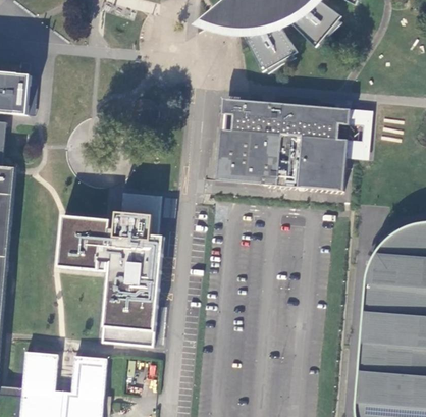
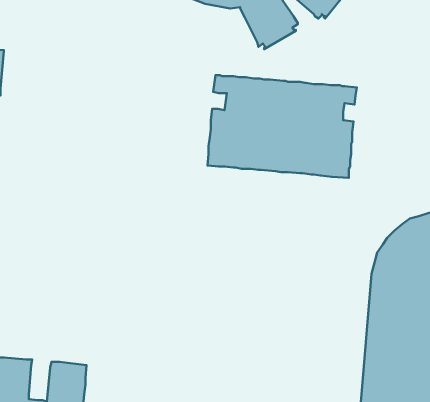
building: [337,108,372,158] -> none
building: [58,192,163,346] -> none

